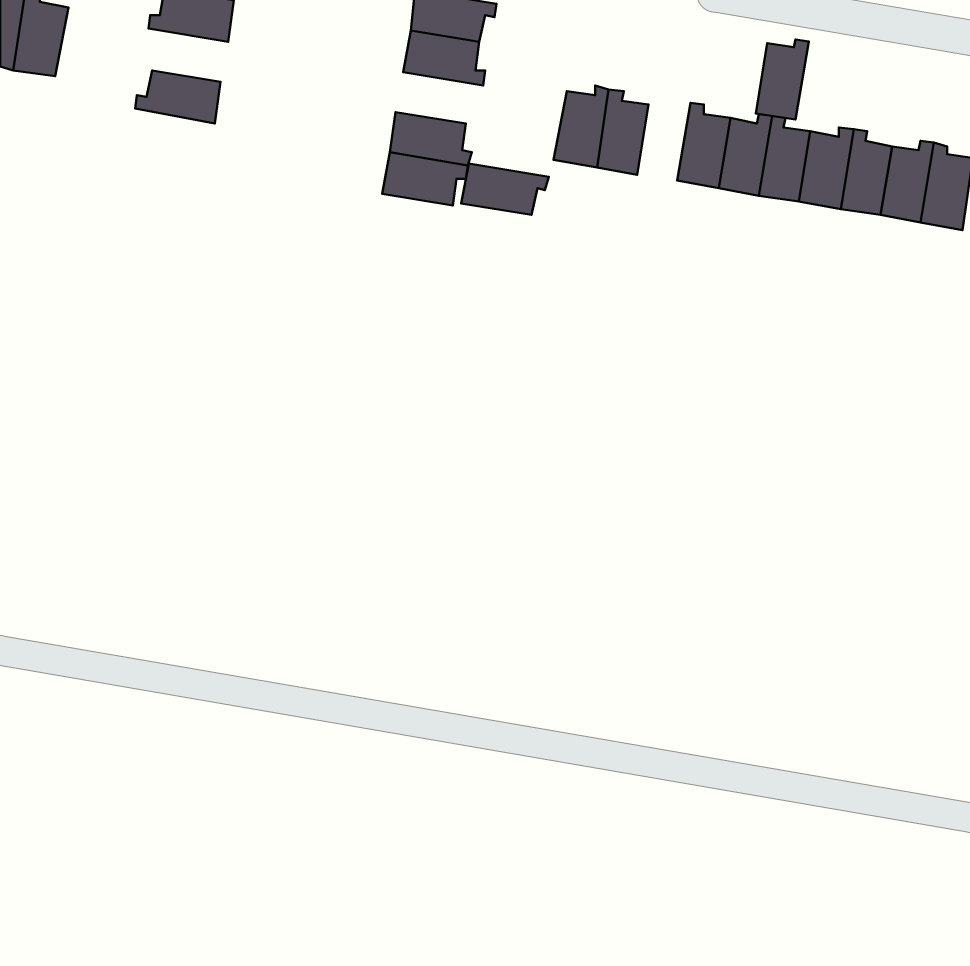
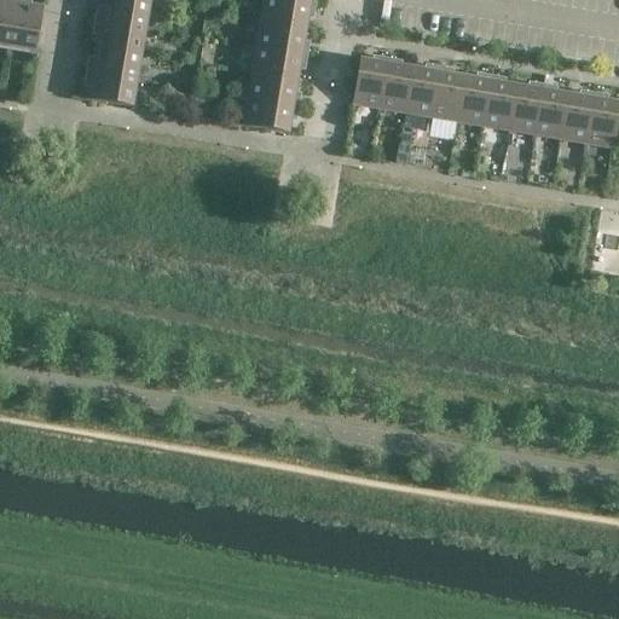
building: none -> [94,18,146,52]
building: [756,39,809,119] -> [406,64,440,115]
building: none -> [86,69,138,105]
building: [461,163,549,215] -> [253,46,308,79]

